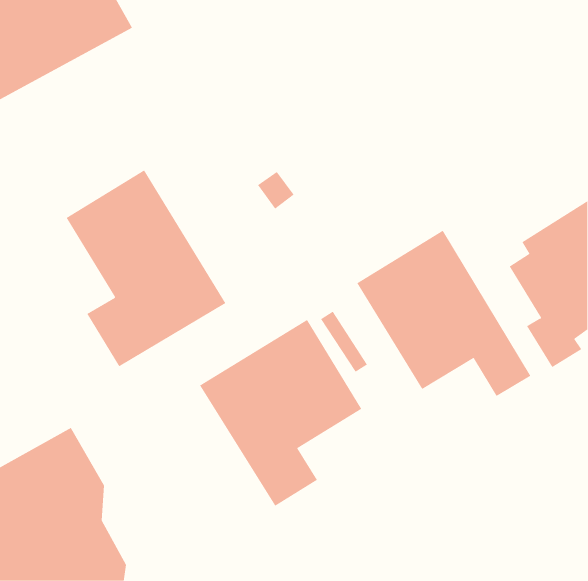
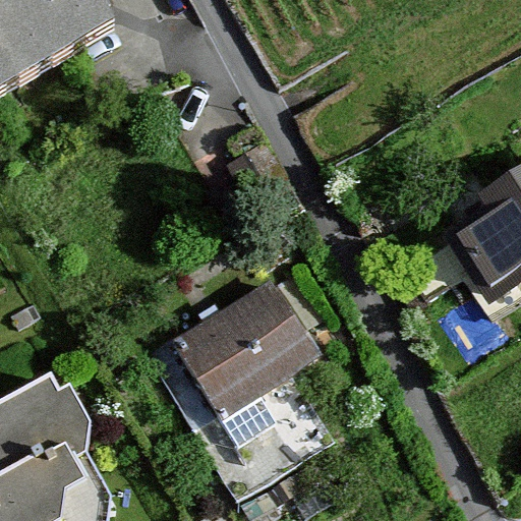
building: [66,169,226,367] -> none
building: [356,230,531,397] -> none

